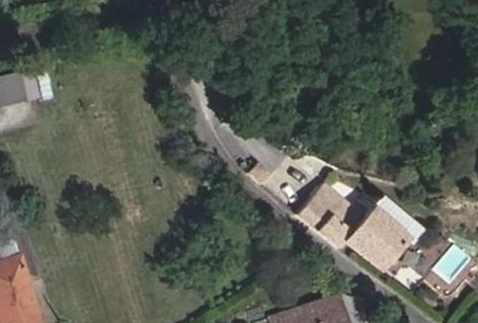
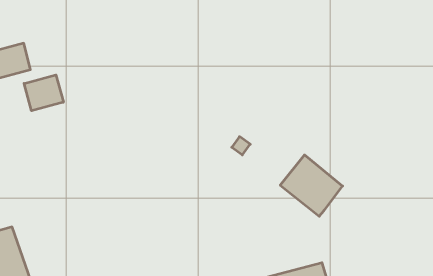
building: none -> [24,75,63,111]
building: [345,198,416,269] -> none

